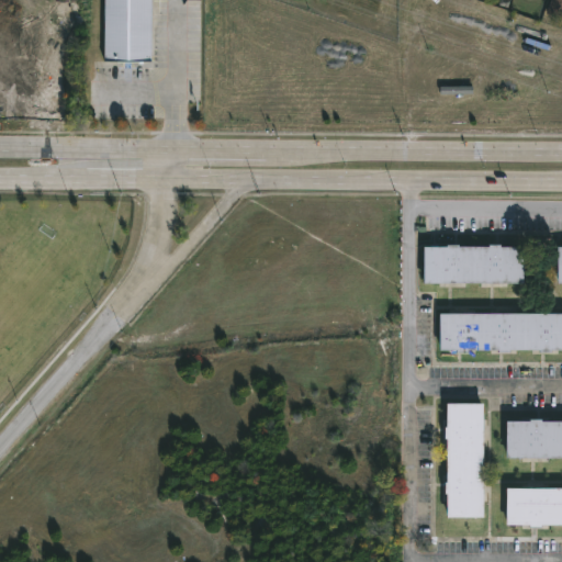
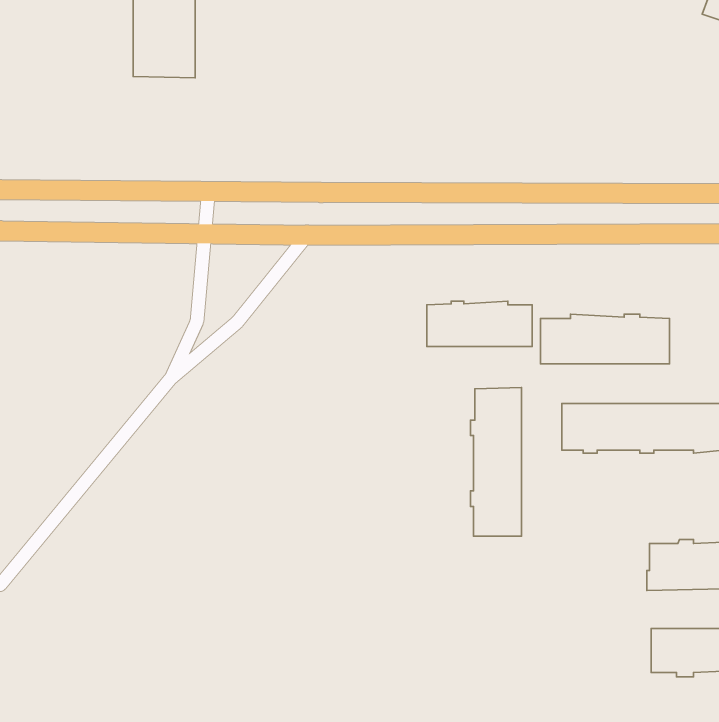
building: none -> [427,301,532,347]
building: [443,403,483,518] -> [471,388,522,536]

